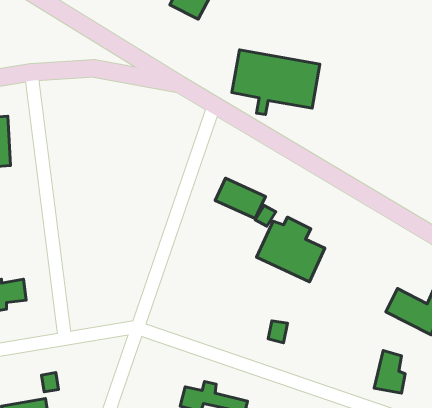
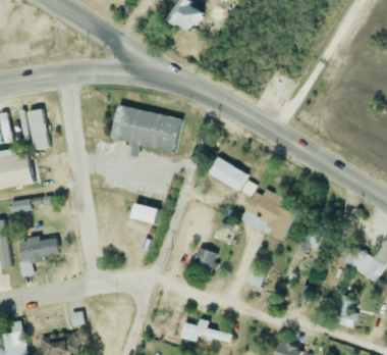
building: [232,50,320,115] -> [112,105,181,156]
building: none -> [133,204,160,222]
building: none -> [193,248,216,271]

